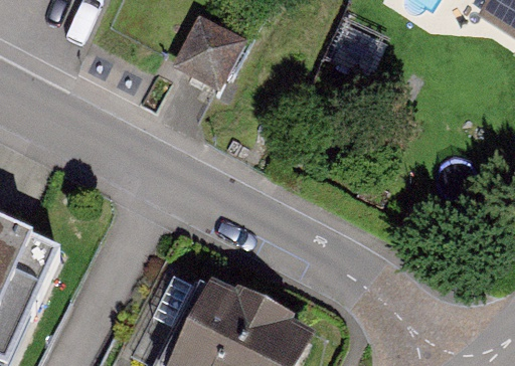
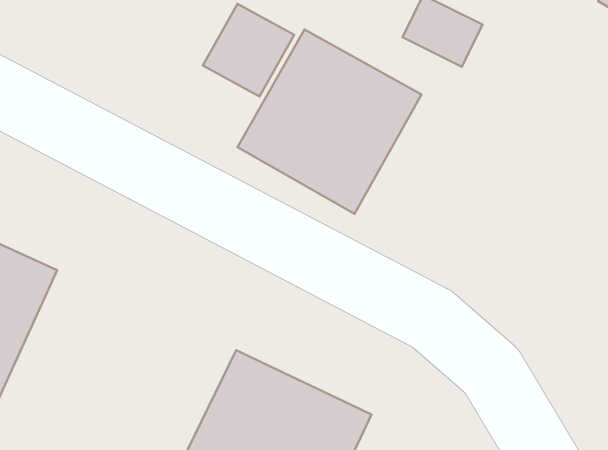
building: none -> [238,29,422,214]

